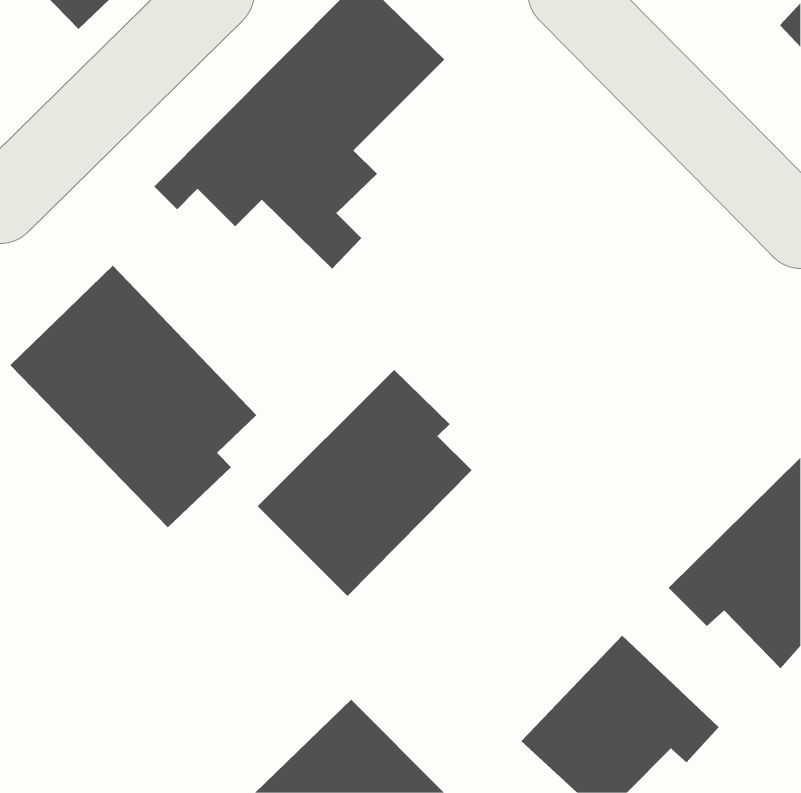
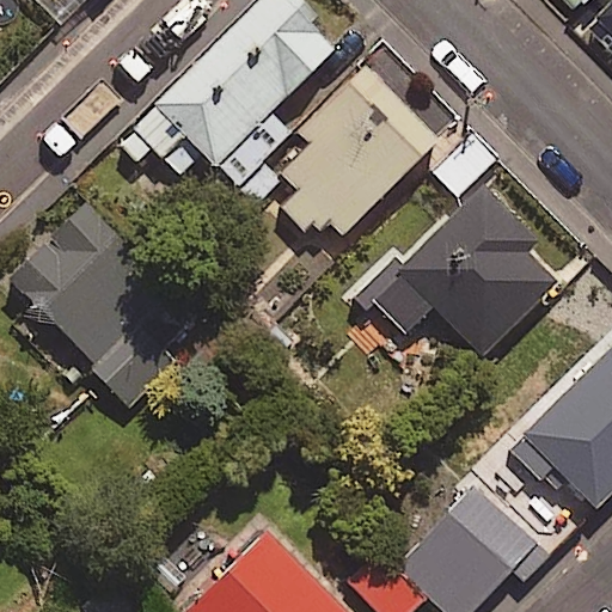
building: none -> [276,67,437,234]
building: none -> [362,185,556,356]
building: [257,369,473,597] -> none

